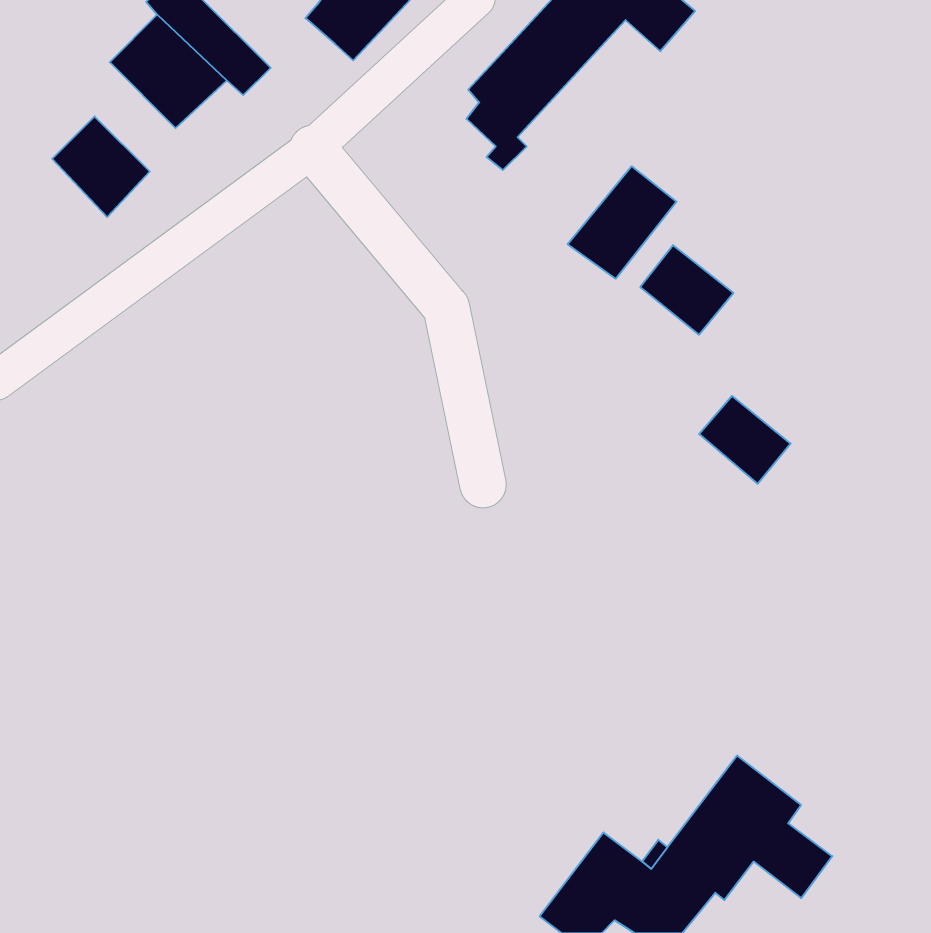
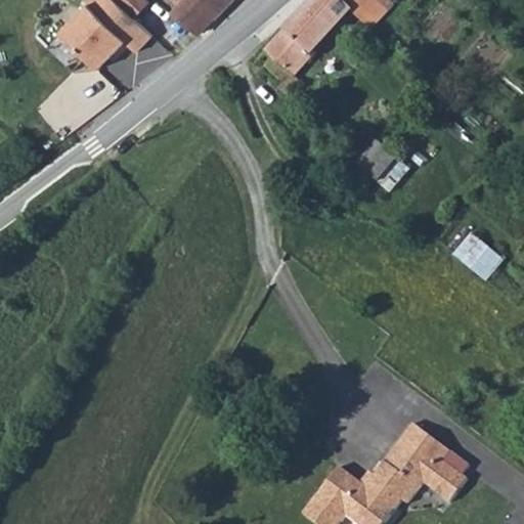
building: [52,116,150,217] -> none
building: [568,166,677,279] -> none
building: [699,396,791,484] -> [454,229,506,278]

